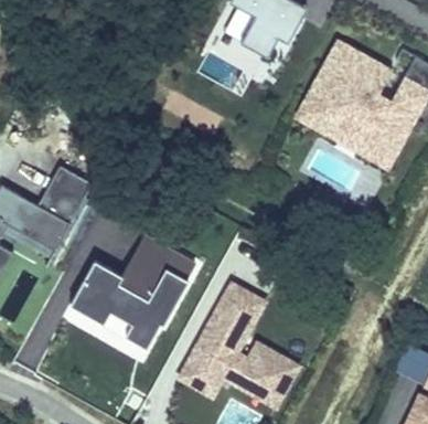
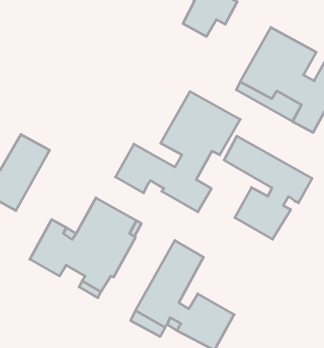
building: none -> [115,92,240,212]
building: none -> [224,136,312,239]

